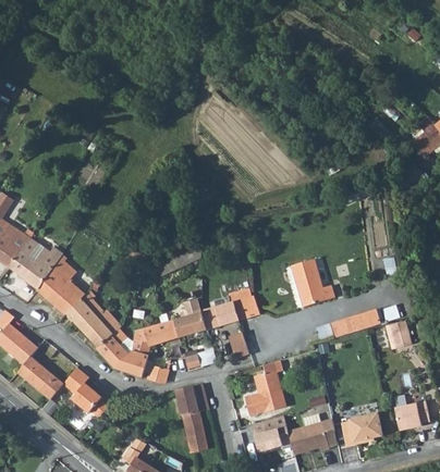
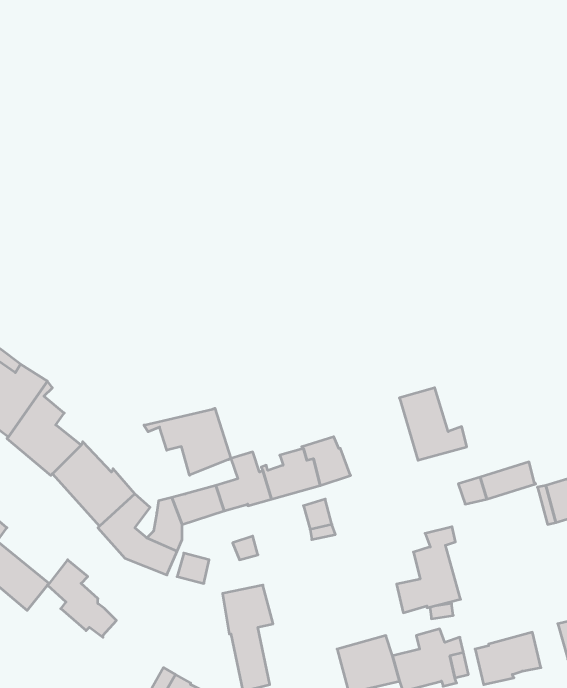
building: none -> [144,408,231,475]
building: [244,357,285,412] -> [397,527,461,613]

